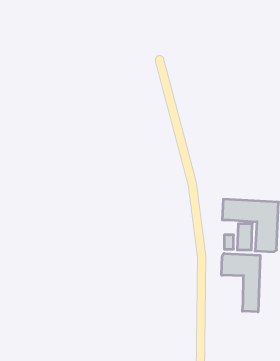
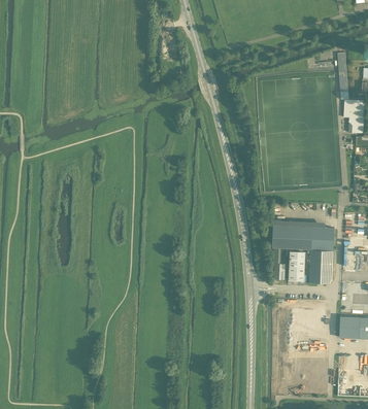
building: [222,253,260,312] -> none

